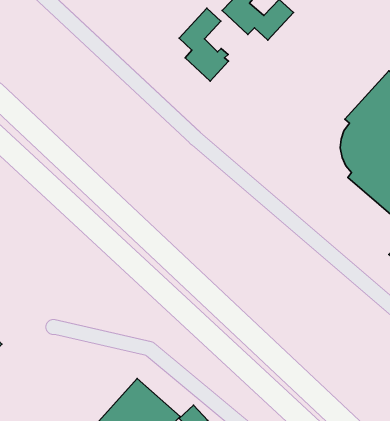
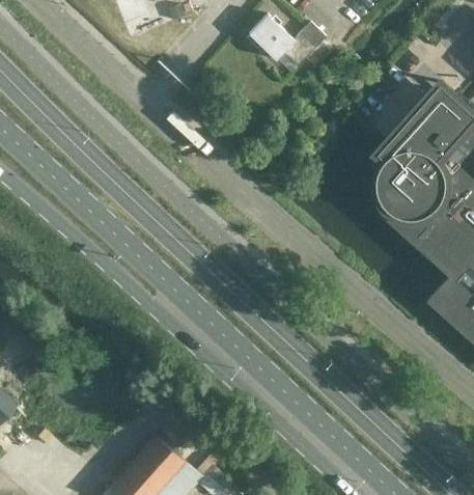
building: [179,8,228,81] -> none

